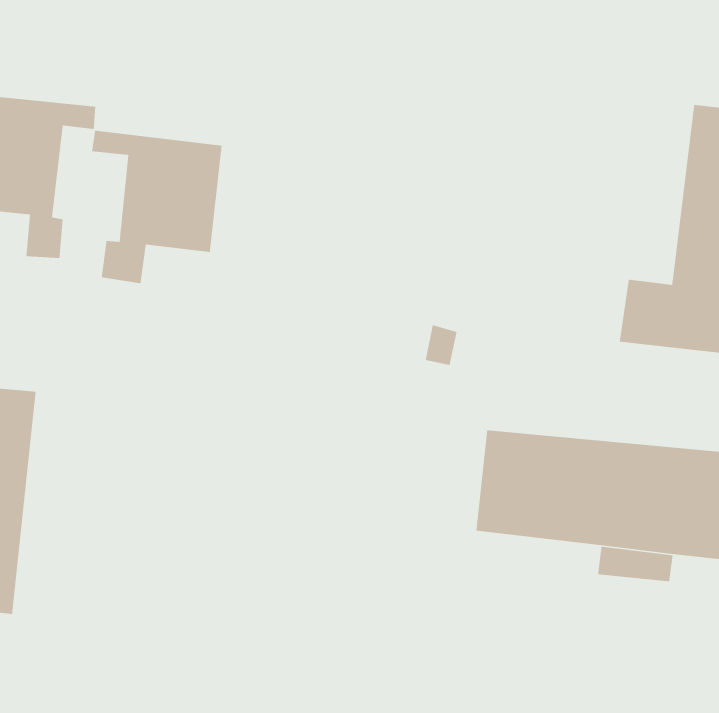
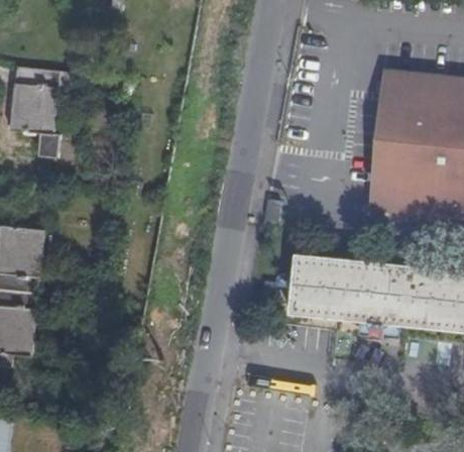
building: none -> [373,71,410,174]
building: [91,130,222,284] -> none

